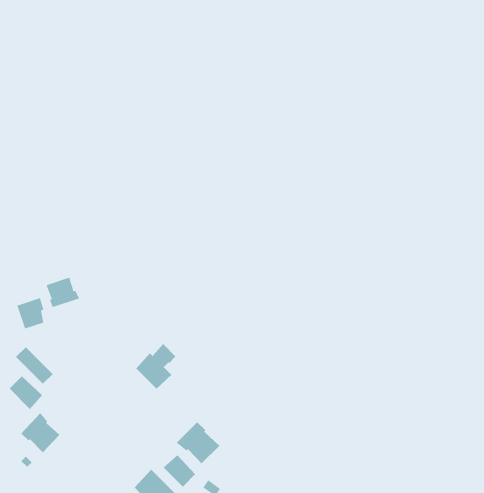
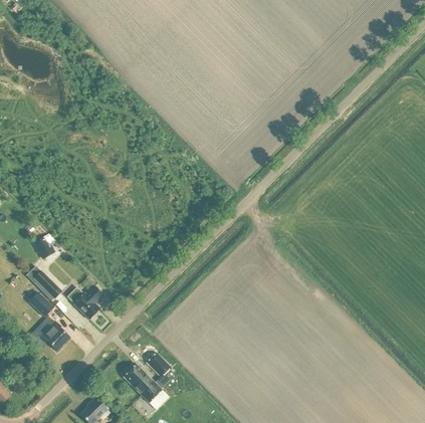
building: [46,277,80,308] -> none
building: [135,343,176,389] -> [73,285,104,321]
building: [176,421,220,464] -> none

